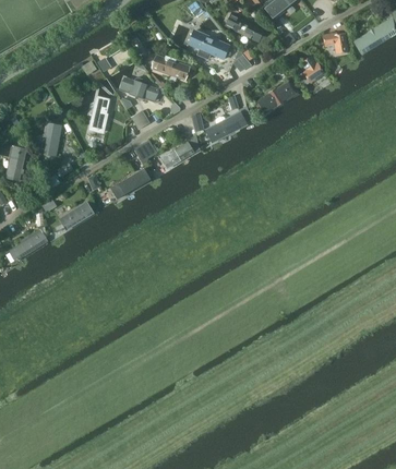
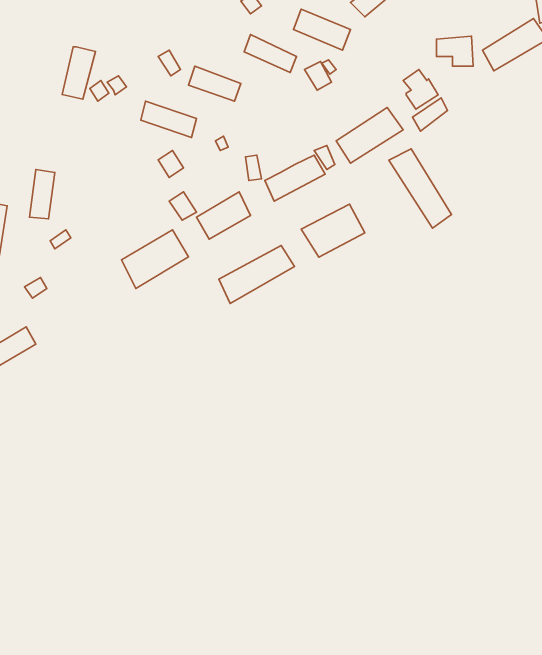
building: [87,96,110,132] -> [62,47,95,99]
building: none -> [389,149,452,228]
building: none -> [301,204,365,257]
building: none -> [219,245,295,304]
building: [57,202,94,233] -> none

